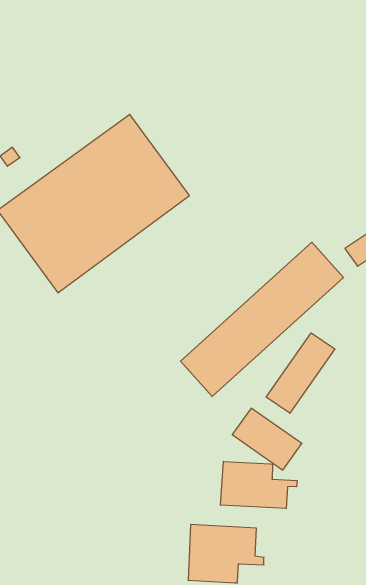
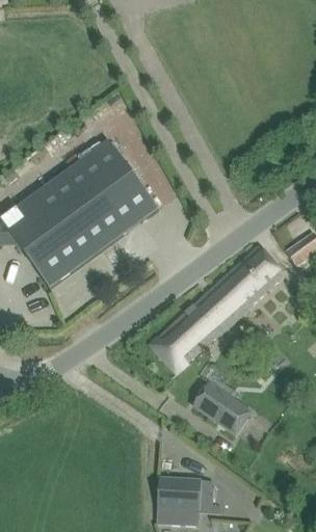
building: [266,333,335,413] -> none
building: [221,461,297,509] -> none

